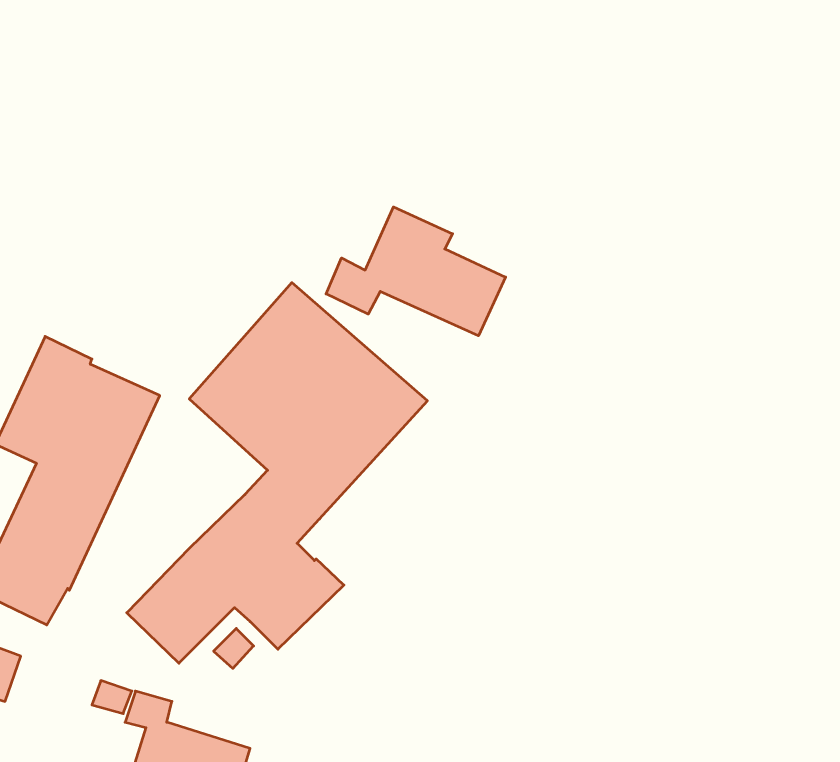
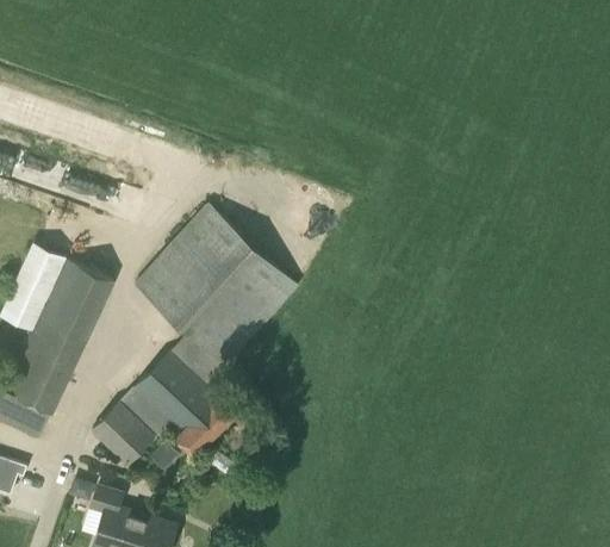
building: [326,207,506,336] -> none

